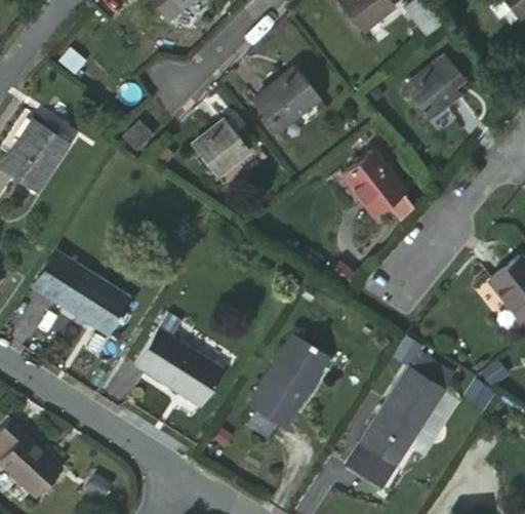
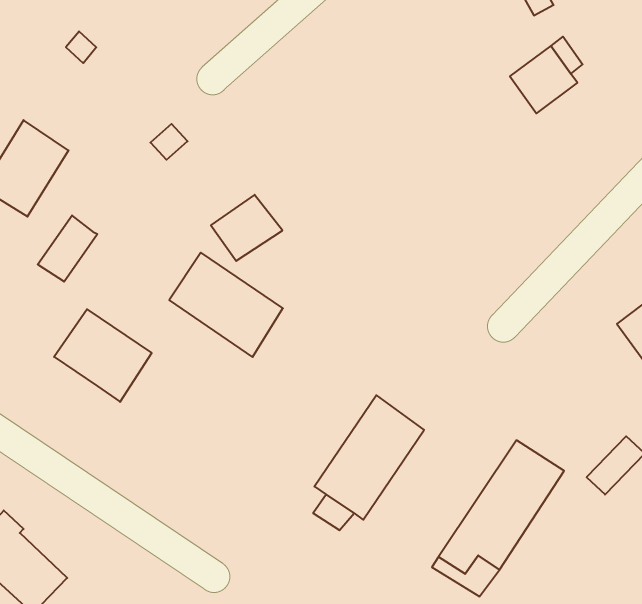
building: [258,66,317,123] -> none
building: [193,115,248,166] -> [211,195,282,261]
building: [341,147,403,212] -> none
building: [31,252,77,304] -> [38,215,97,282]
building: [138,323,227,404] -> [169,253,283,357]

